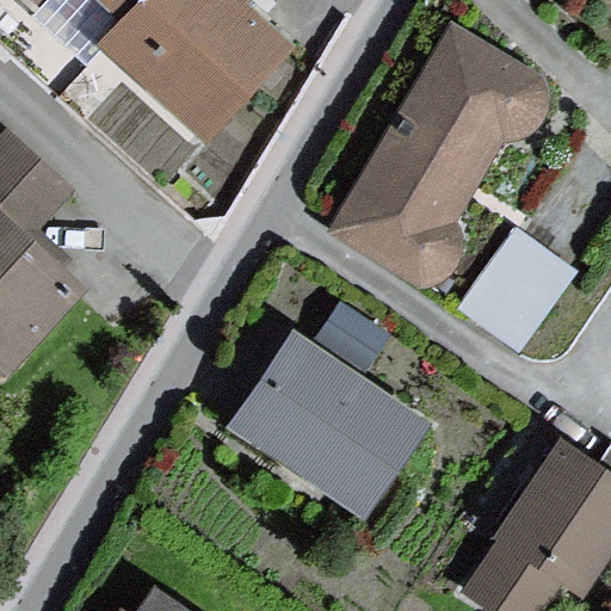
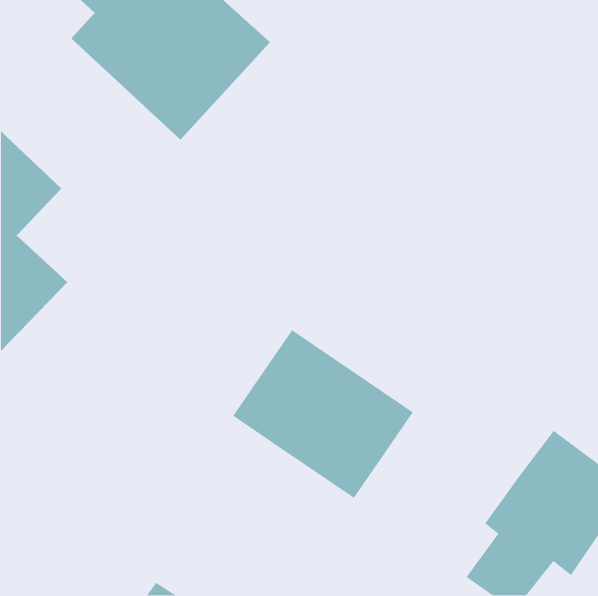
building: [334,25,560,288] -> none
building: [457,229,574,350] -> none

